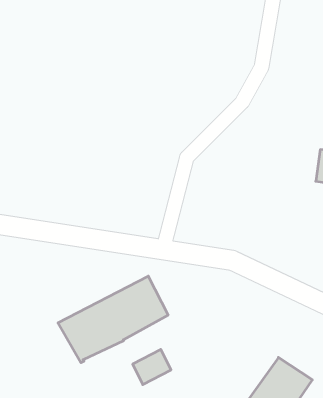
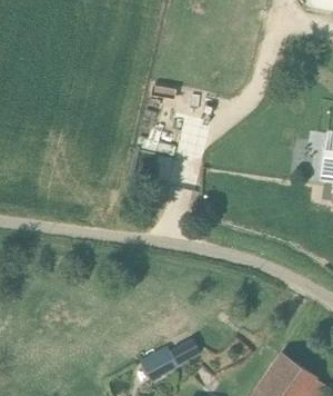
building: [58,276,168,363] -> none

